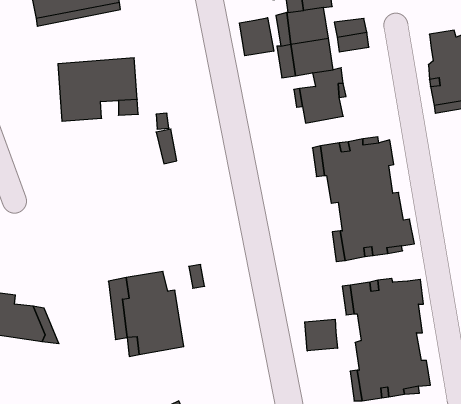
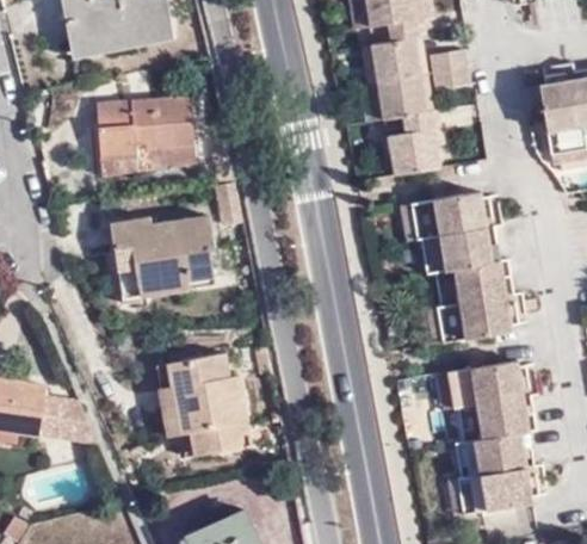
building: [240,18,274,56] -> none
building: none -> [110,217,211,296]
building: [305,319,338,351] -> none

